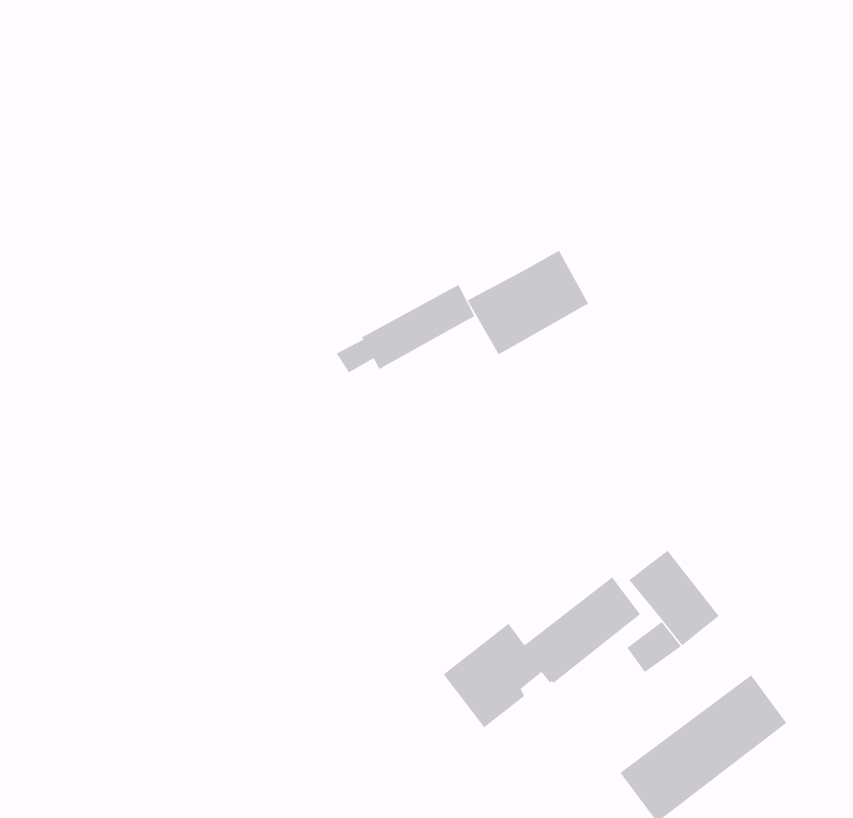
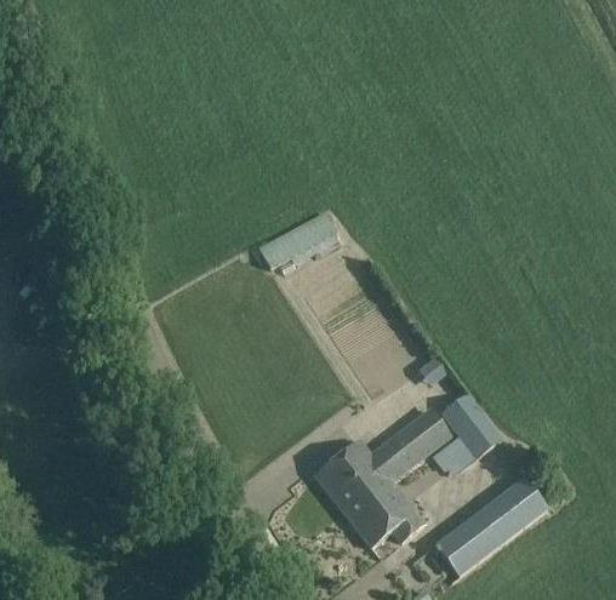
building: [467,250,589,355] -> none
building: none -> [343,475,423,548]

